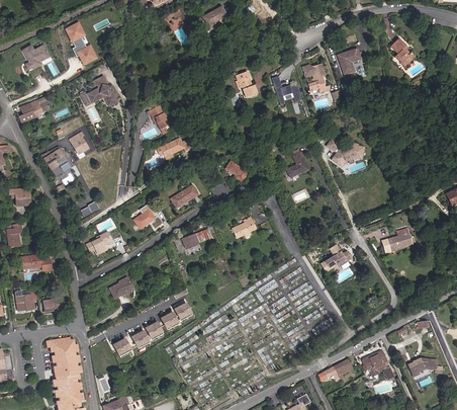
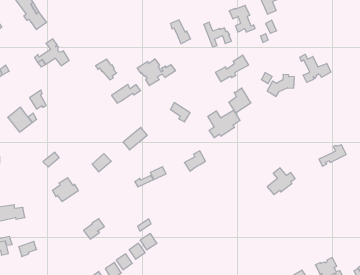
building: none -> [137,59,175,86]
building: none -> [216,55,249,82]
building: none -> [300,54,331,82]
building: none -> [208,110,240,138]

